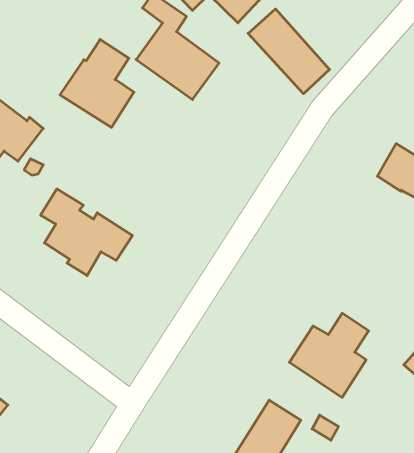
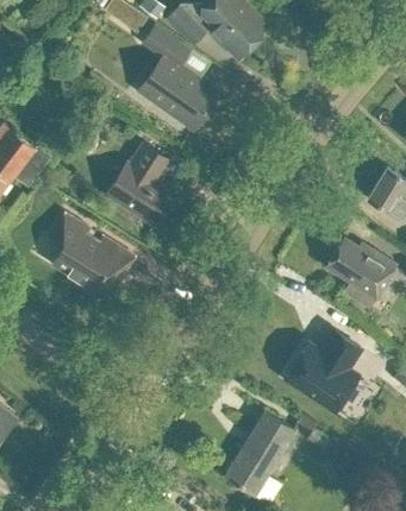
building: [248,9,330,94] -> none
building: [60,39,134,127] -> [105,141,175,225]
building: none -> [325,238,395,308]

